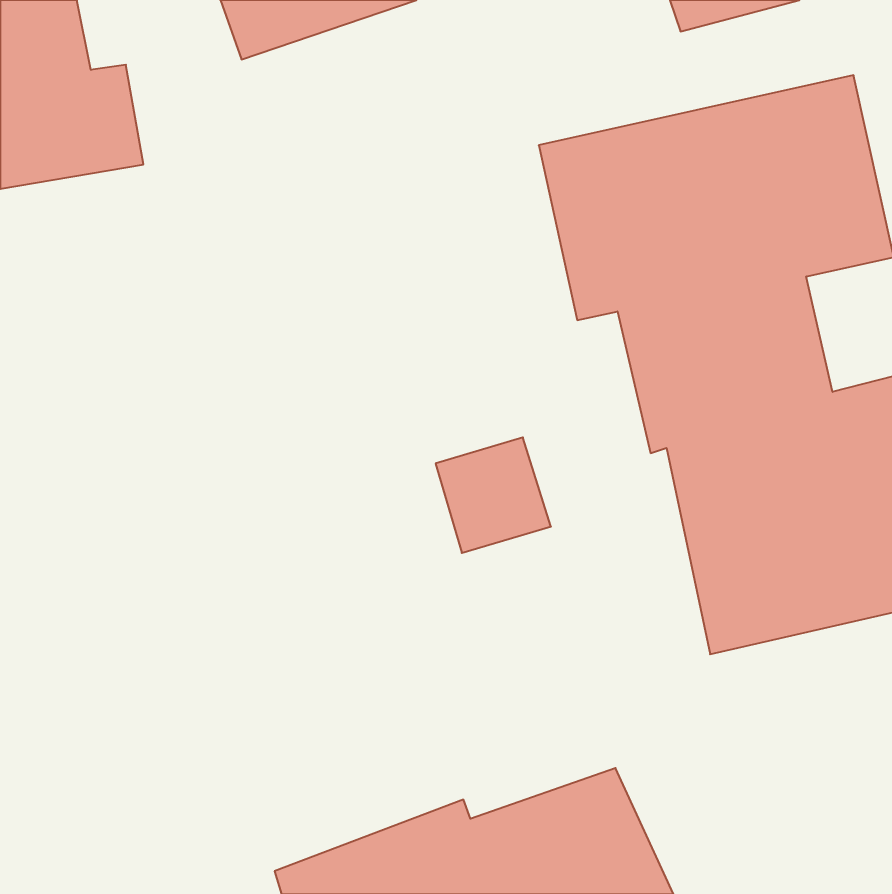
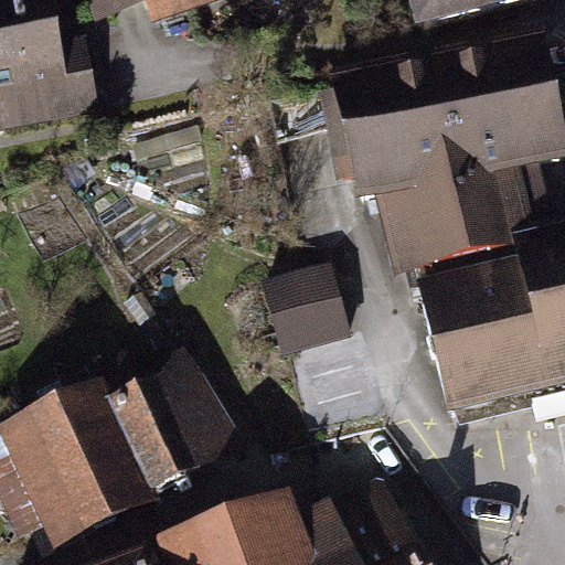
building: none -> [9,349,249,545]

